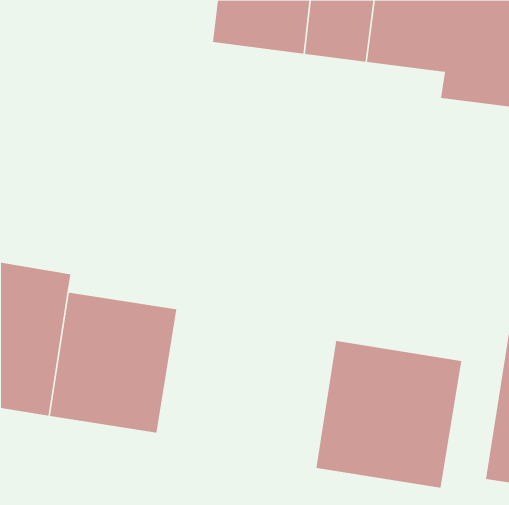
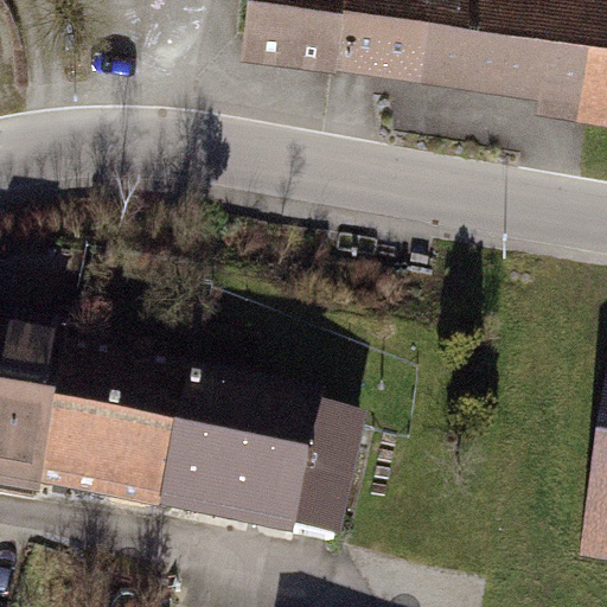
building: none -> [189,373,341,541]
building: [316,340,462,488] -> none

